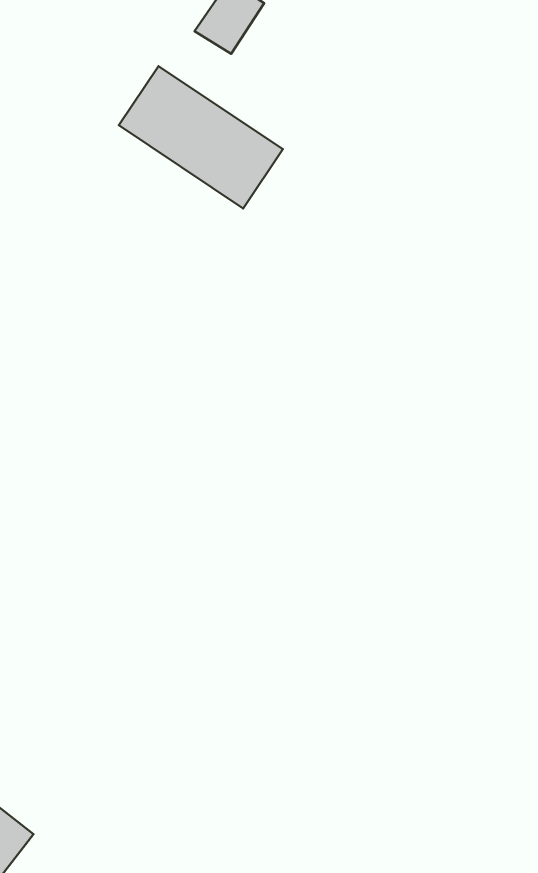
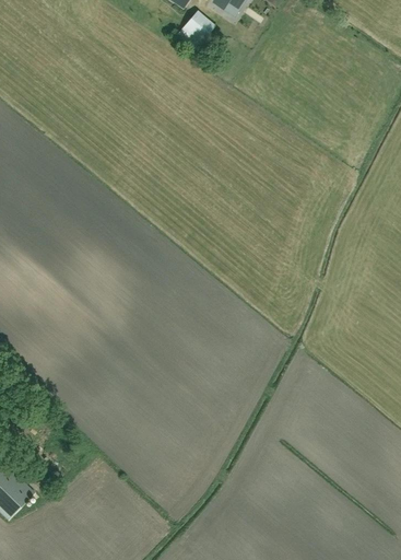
building: [119,66,283,208] -> none

